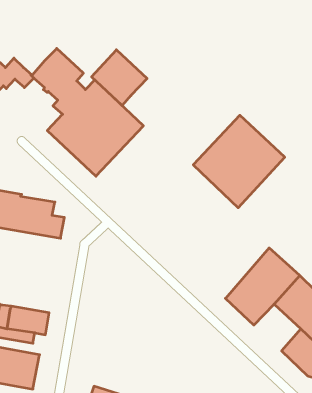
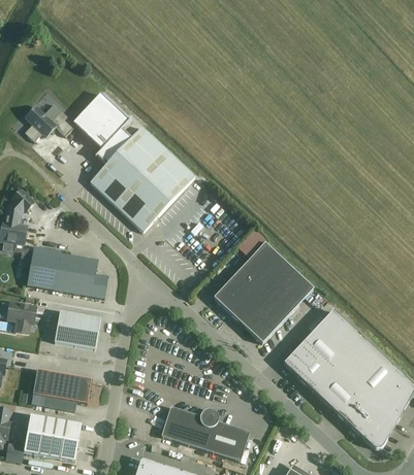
building: [92,50,147,106] -> none
building: [193,115,285,208] -> [214,243,313,343]
building: none -> [54,310,100,348]
building: none -> [314,369,364,419]
building: none -> [161,405,250,461]

